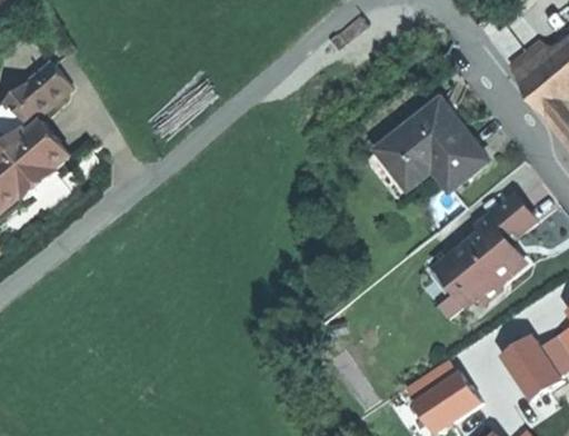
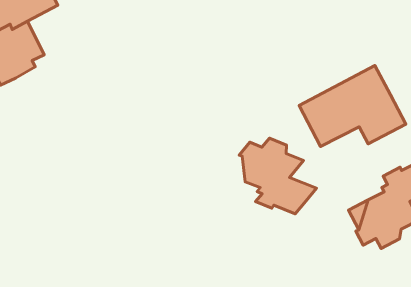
building: none -> [239,138,317,214]

